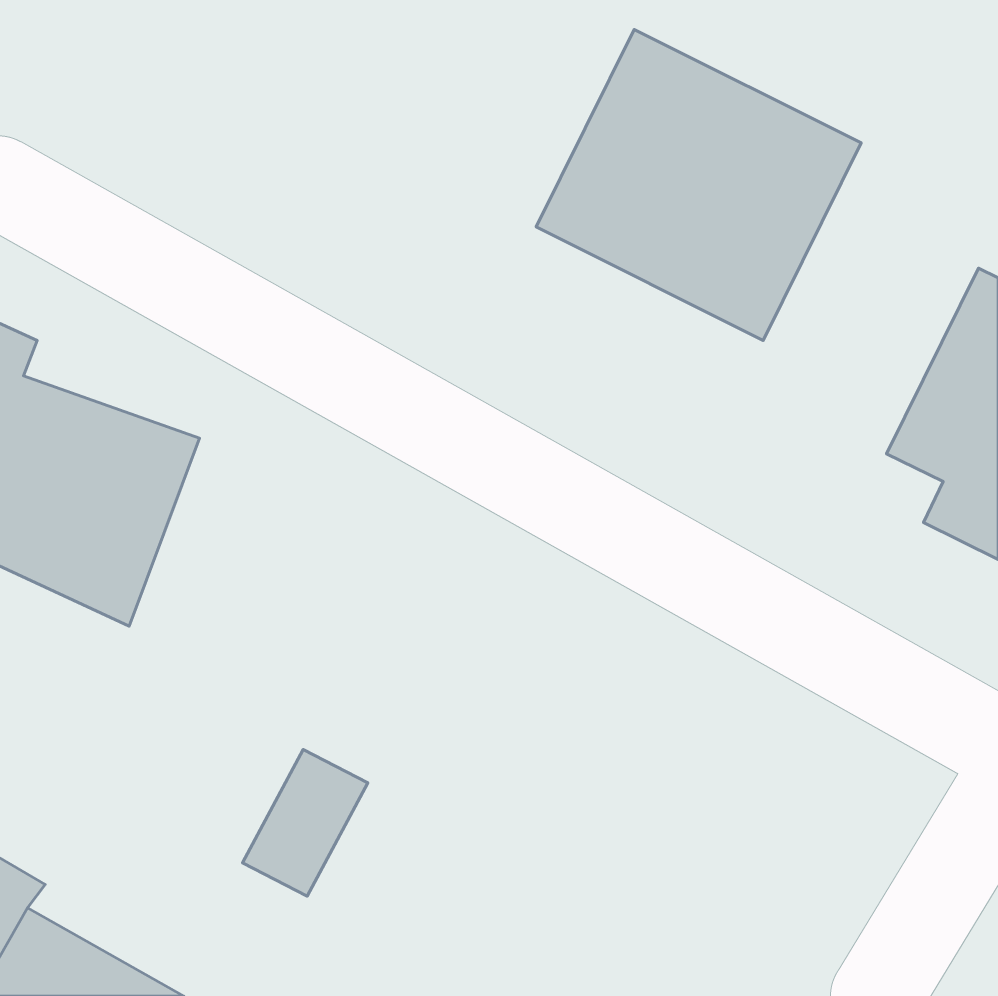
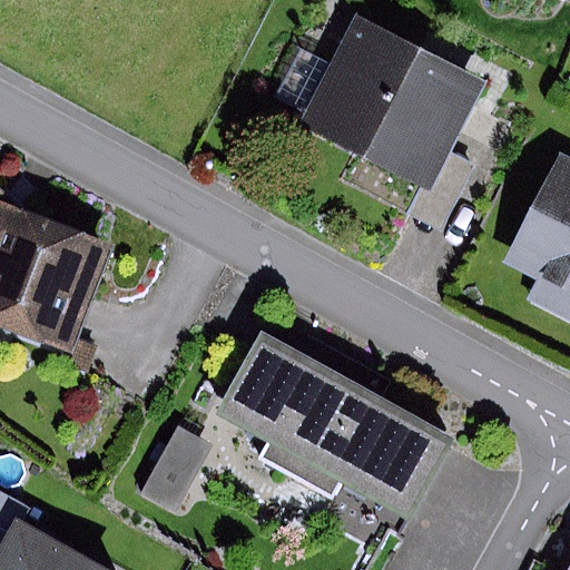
building: none -> [214,332,451,522]

